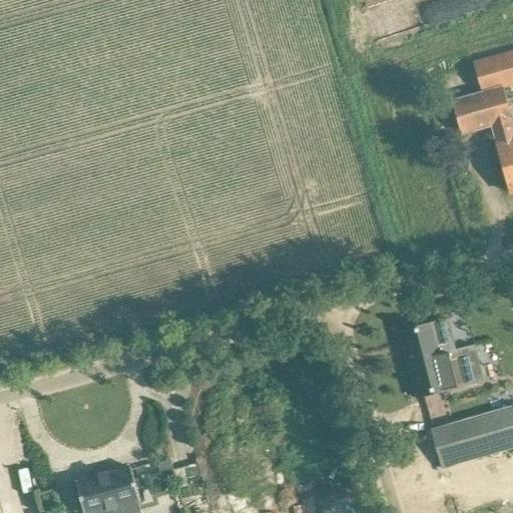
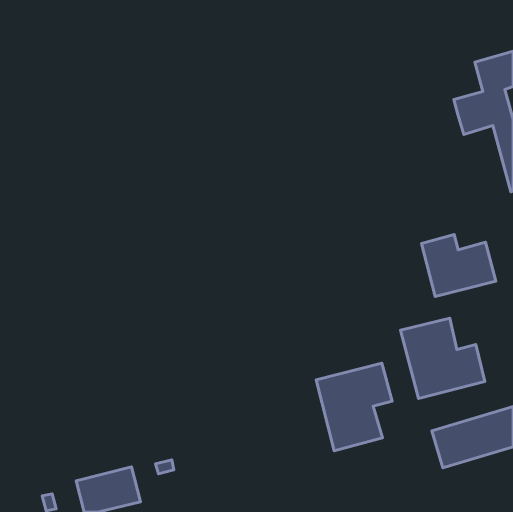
building: none -> [421,235,496,296]
building: none -> [316,363,392,451]

